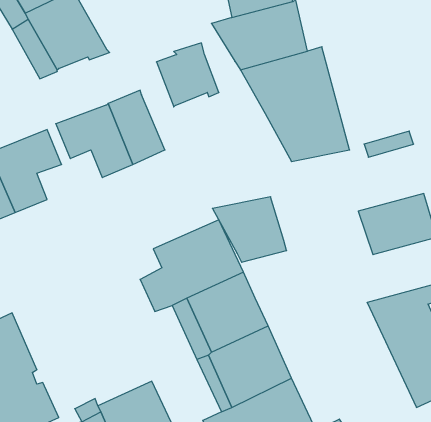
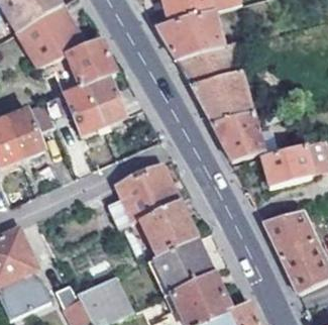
building: [156,43,219,107] -> [73,39,116,84]
building: [212,197,287,262] -> [213,115,264,160]

